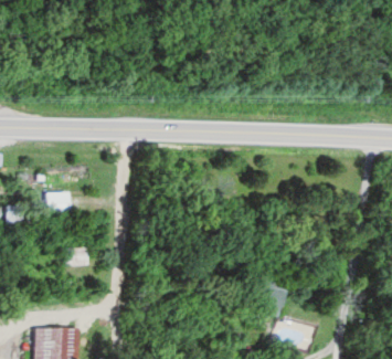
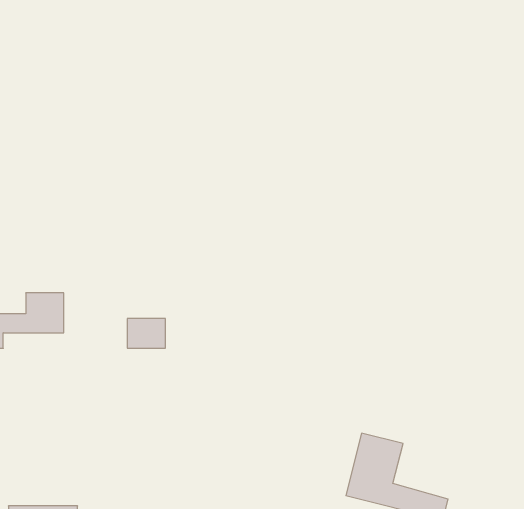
building: [63,247,87,266] -> [127,319,165,348]

